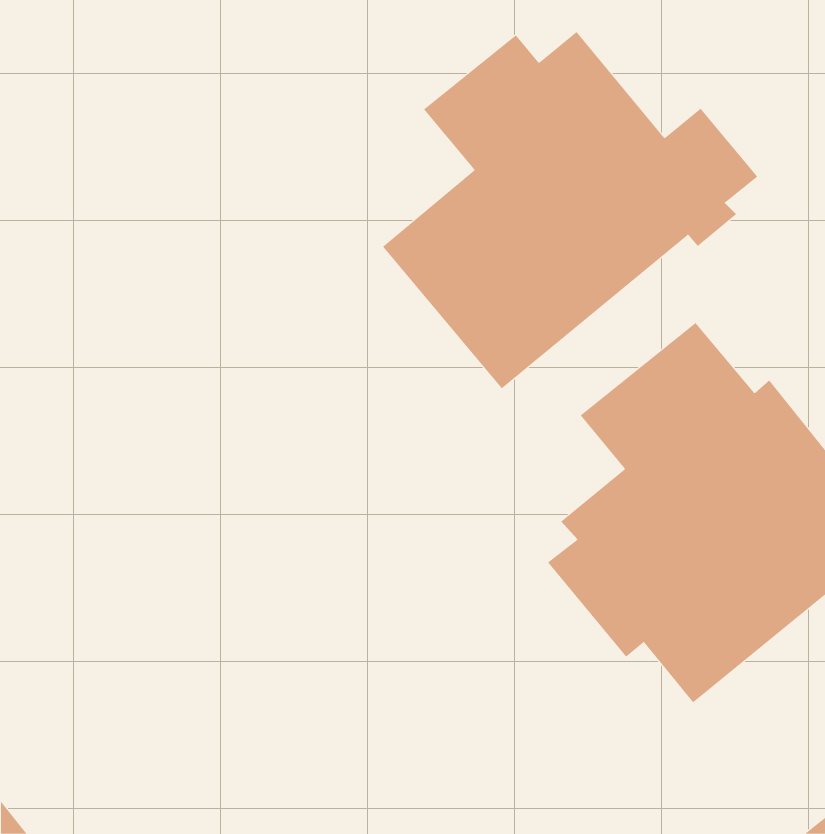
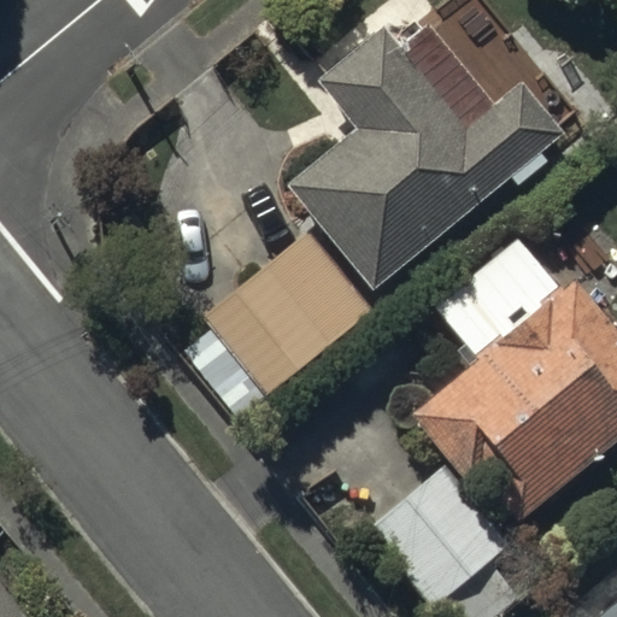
building: none -> [186,228,380,411]
building: none -> [366,465,510,607]

